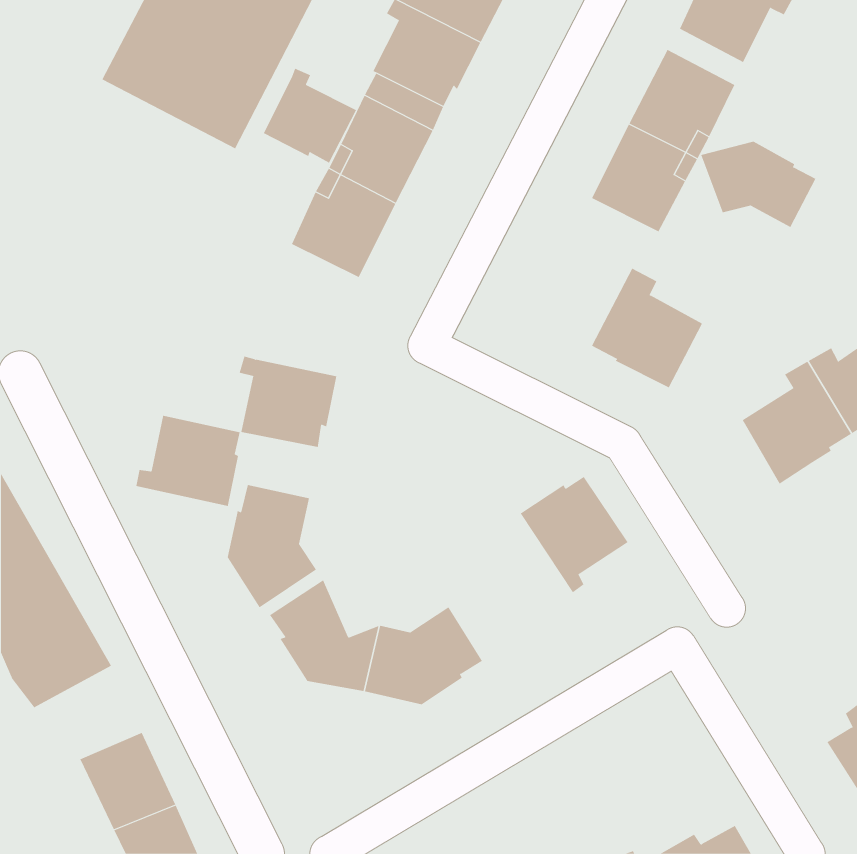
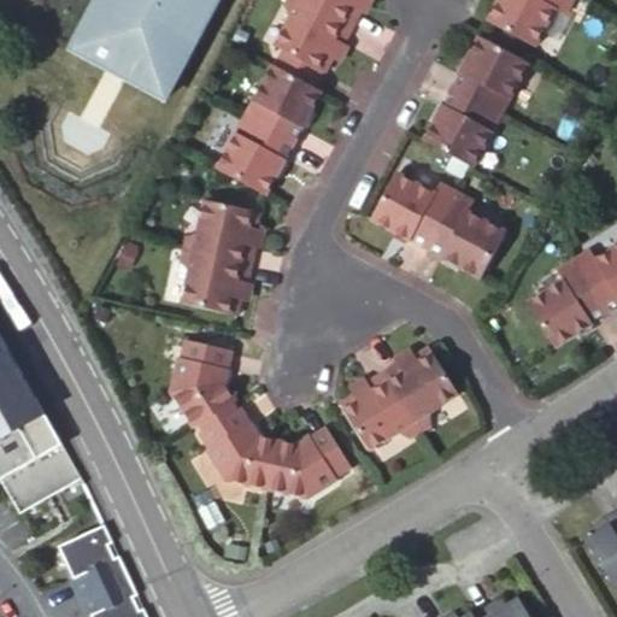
building: [263,68,357,163] -> none
building: [700,141,816,228] -> none
building: none -> [371,171,456,246]
building: [135,415,241,507] -> [180,202,254,268]
building: none -> [333,365,413,443]

